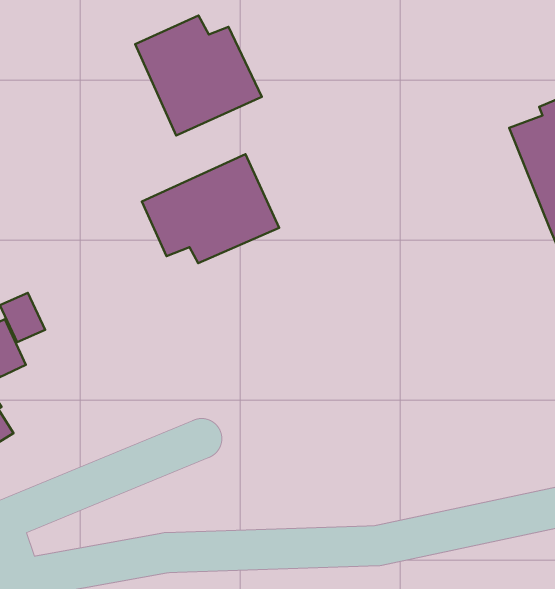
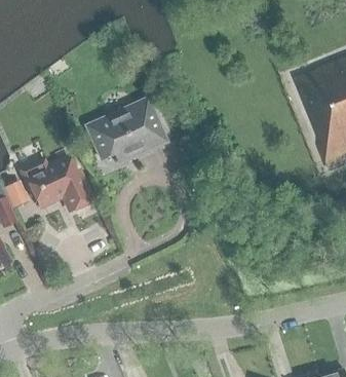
building: [135,15,262,136] -> none
building: none -> [22,156,92,211]

